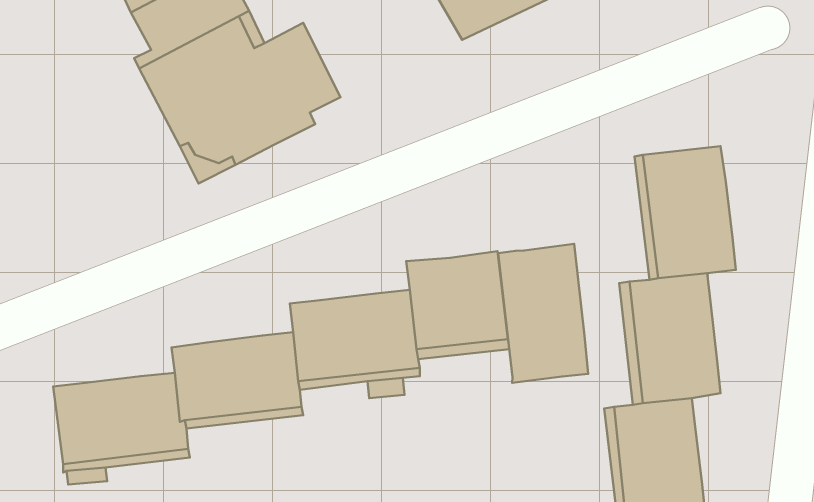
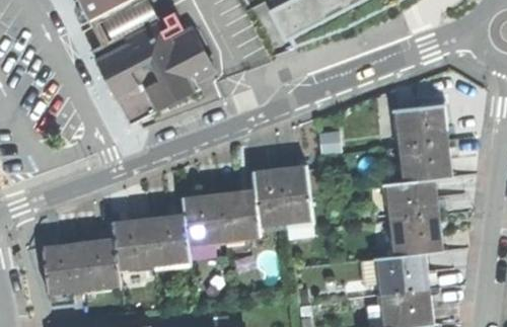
building: [498,244,588,383] -> none

